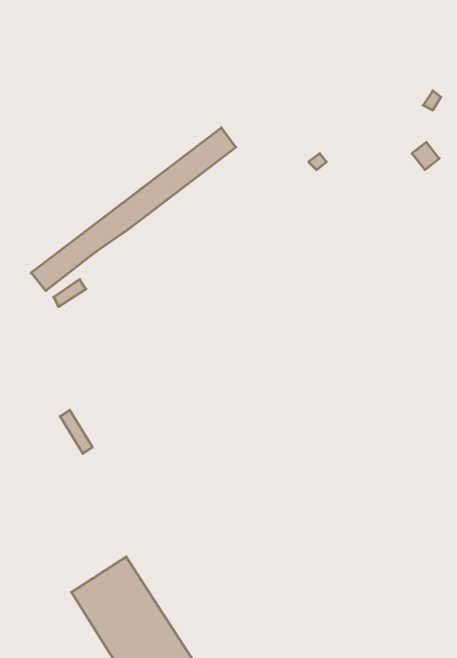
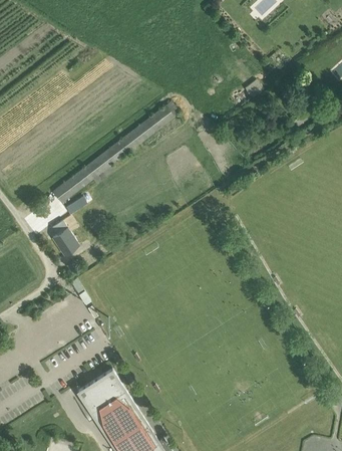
building: none -> [51,221,77,255]

